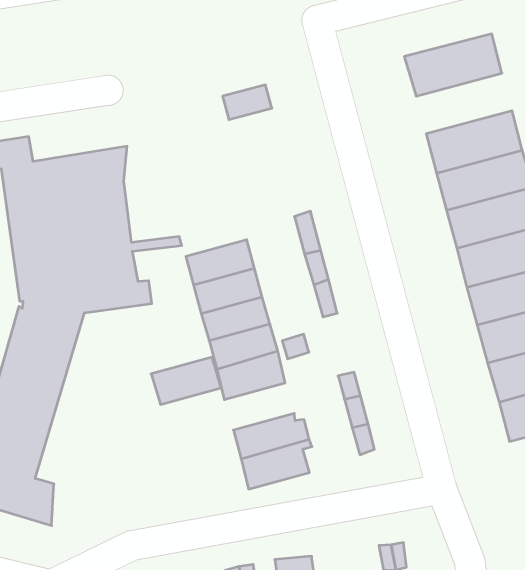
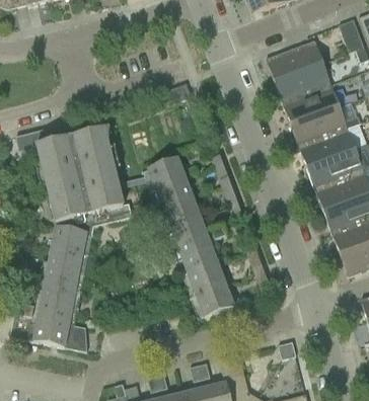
building: none -> [274,62,330,101]
building: none -> [143,156,183,186]
building: [151,357,221,404] -> [179,254,221,285]

